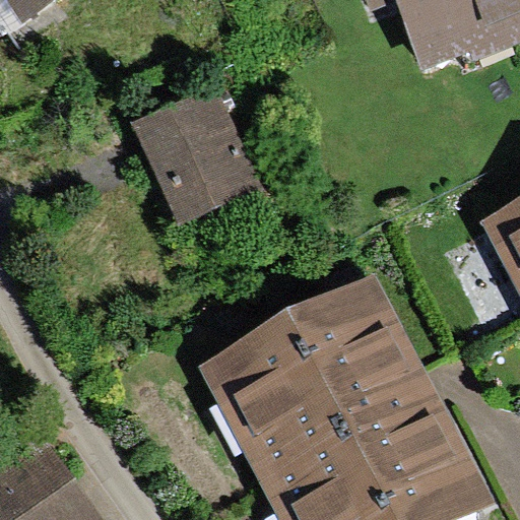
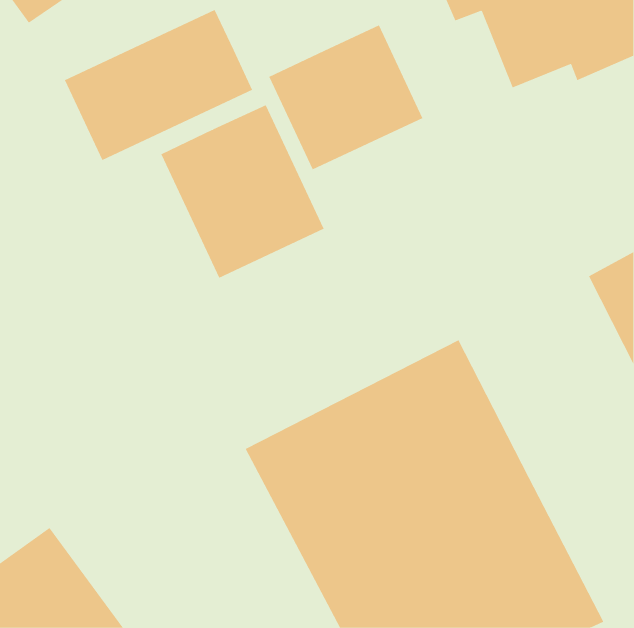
building: none -> [64,9,253,161]
building: none -> [269,24,423,170]

